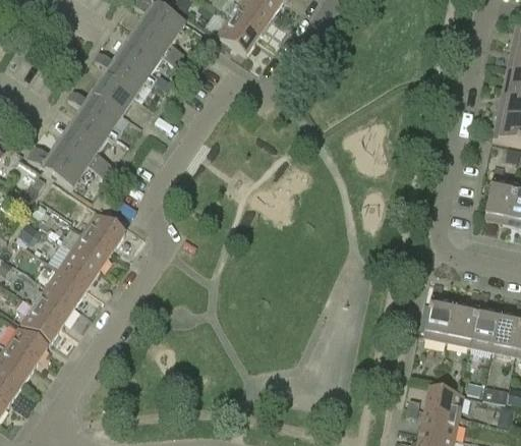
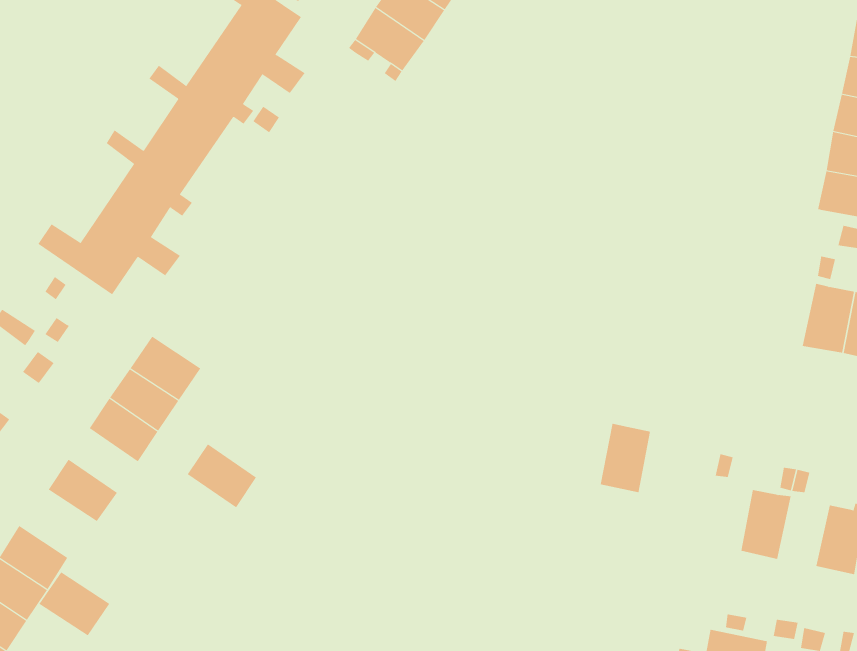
building: [46,268,88,306] -> [187,444,257,508]
building: [423,299,454,341] -> [600,423,651,493]
building: [20,304,63,343] -> [39,571,110,636]
building: [469,309,500,350] -> none

